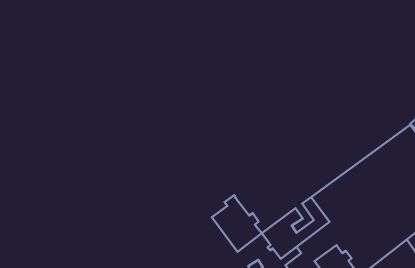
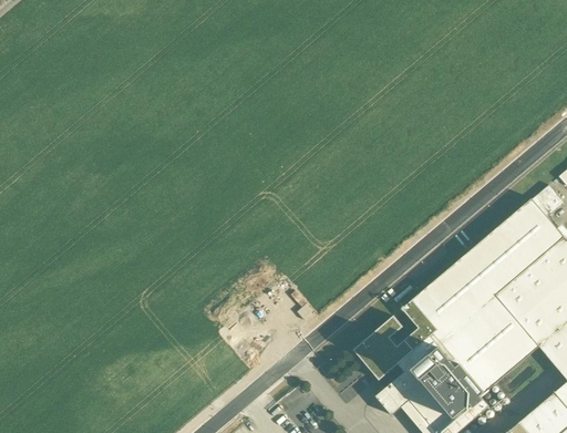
building: [212,195,262,252] -> none

